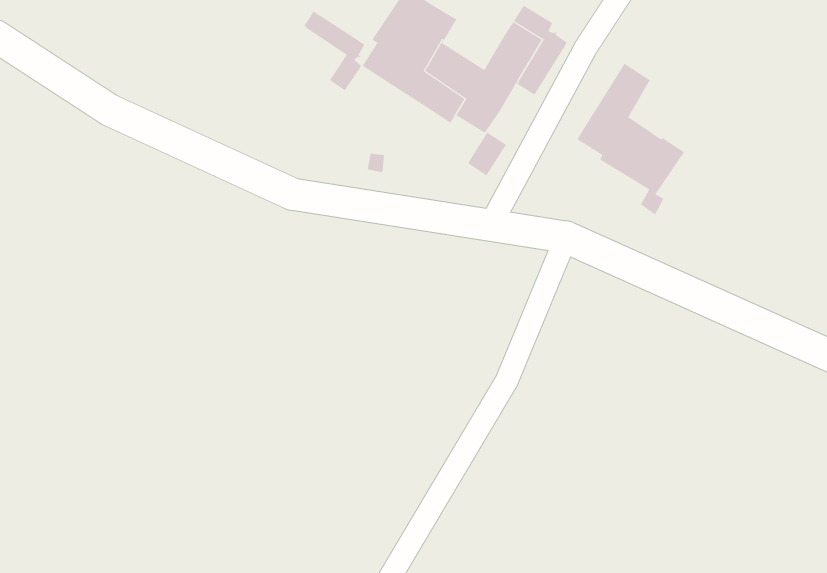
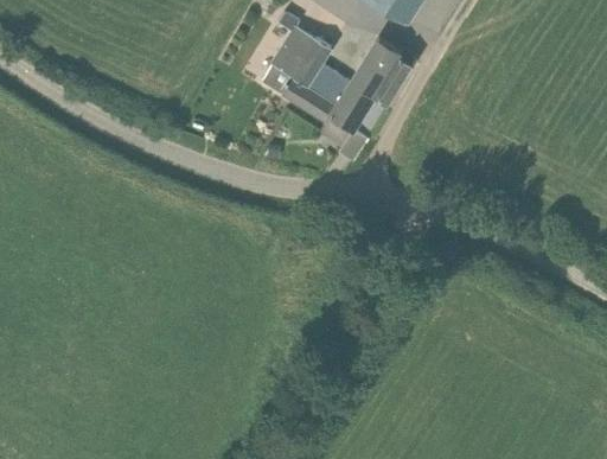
building: [303,10,365,91] -> none
building: [577,63,685,215] -> none

